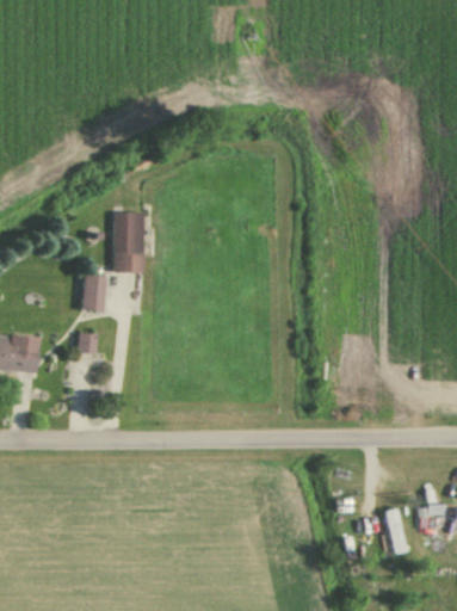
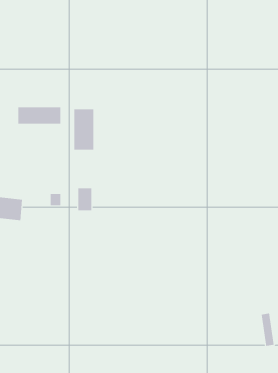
building: none -> [18,106,61,124]
building: [82,276,104,309] -> [77,188,92,211]

